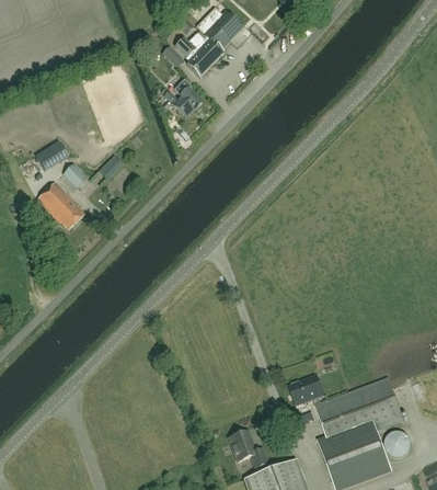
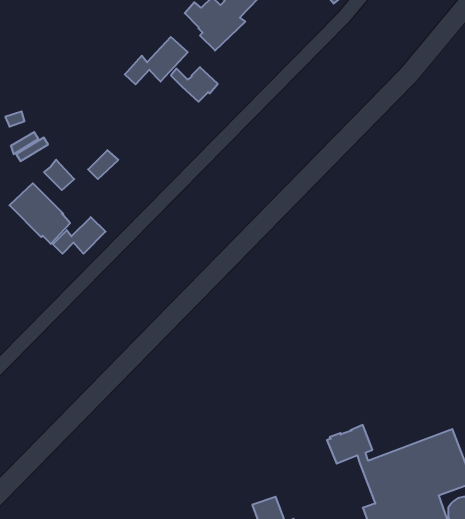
building: none -> [125,37,188,84]
building: none -> [53,217,106,254]

